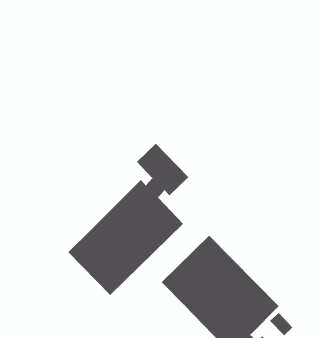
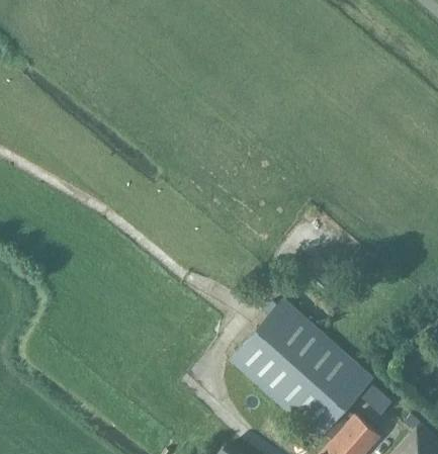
building: [67,143,189,296] -> none

